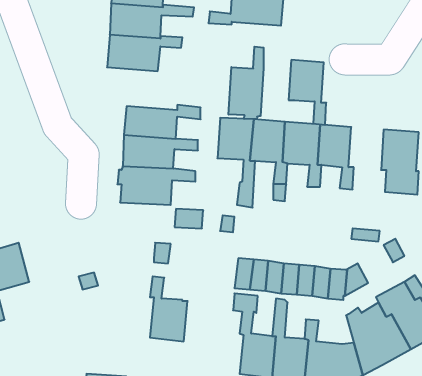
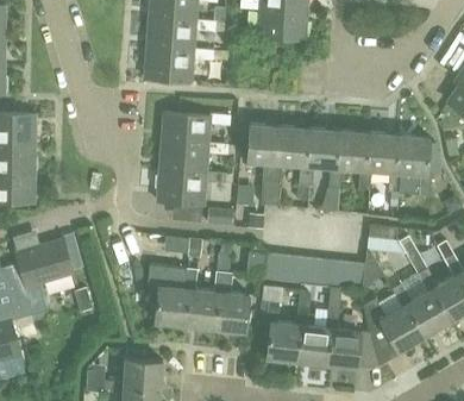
building: [229,47,264,119] -> none
building: [289,60,326,125] -> [366,132,401,192]
building: none -> [214,252,250,332]
building: none -> [155,265,188,325]

